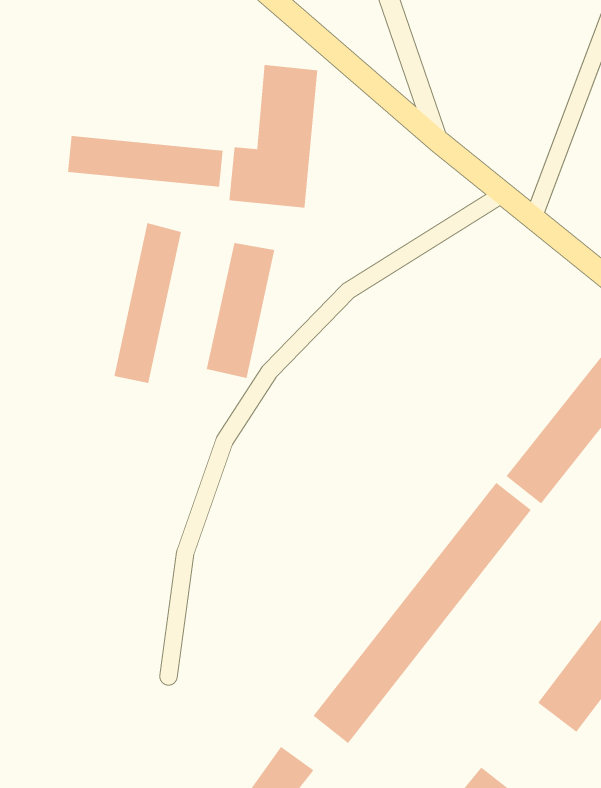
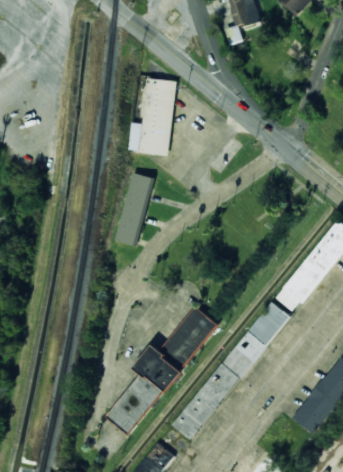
building: [67,135,223,187] -> none
building: [113,222,182,384] -> none
building: none -> [105,306,217,437]

